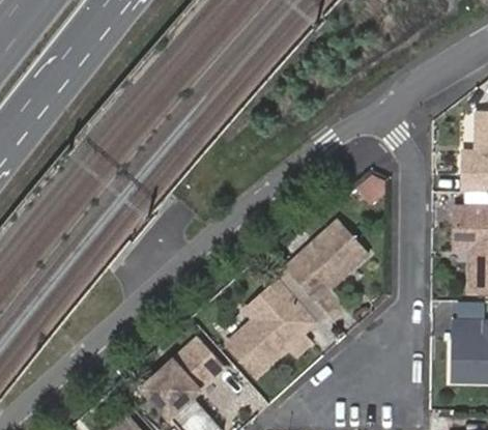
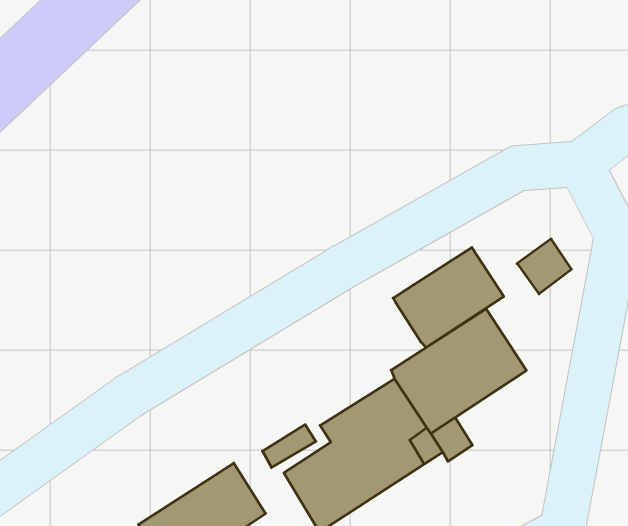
building: none -> [393,247,504,347]

